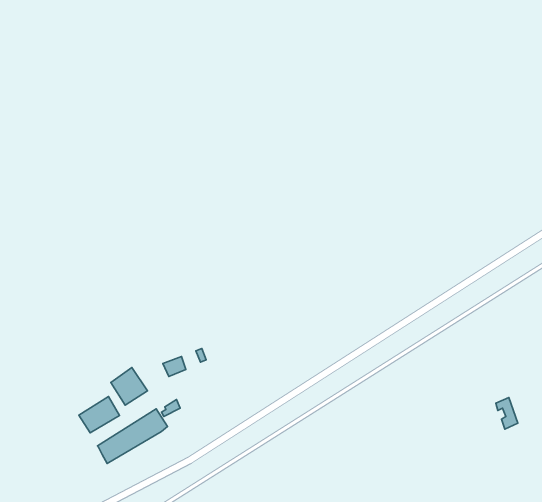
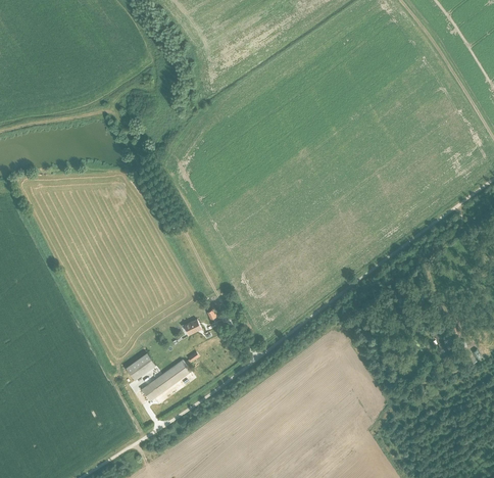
building: [111,367,148,405] -> none

